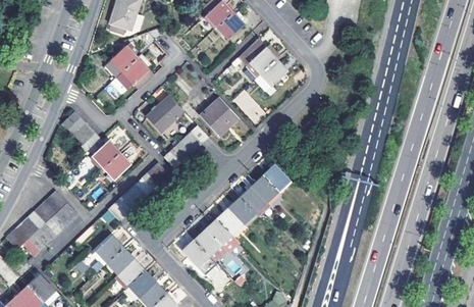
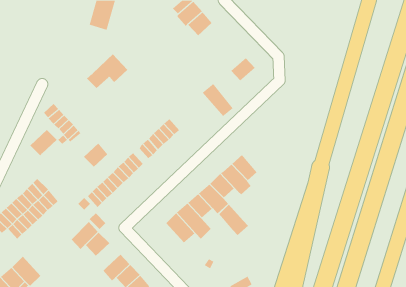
building: [239,41,280,80] -> none
building: [104,42,137,79] -> none
building: [146,97,182,133] -> none
building: [199,98,239,137] -> none
building: [92,141,121,169] -> [30,129,57,156]
building: none -> [219,204,249,236]
building: [179,238,215,273] -> none
building: [114,259,145,289] -> none

